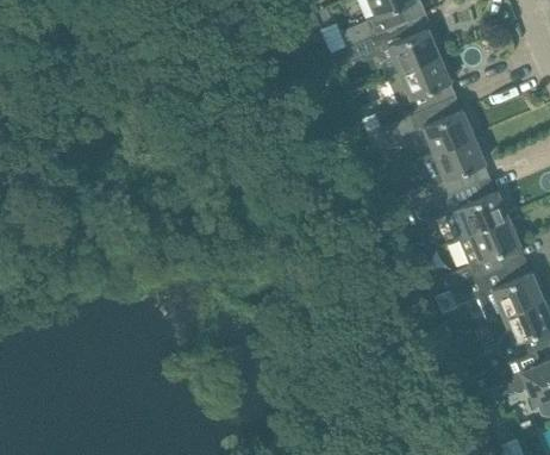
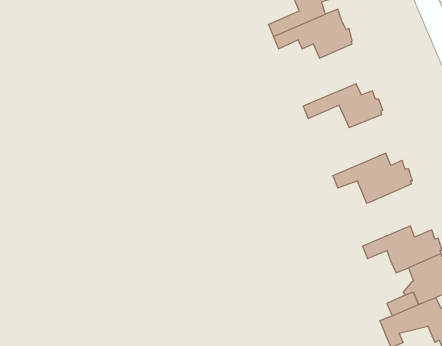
building: [377,56,452,129] -> none
building: [412,137,488,210] -> none
building: [446,219,521,292] -> none

